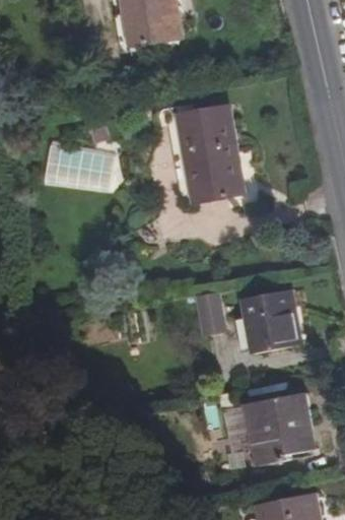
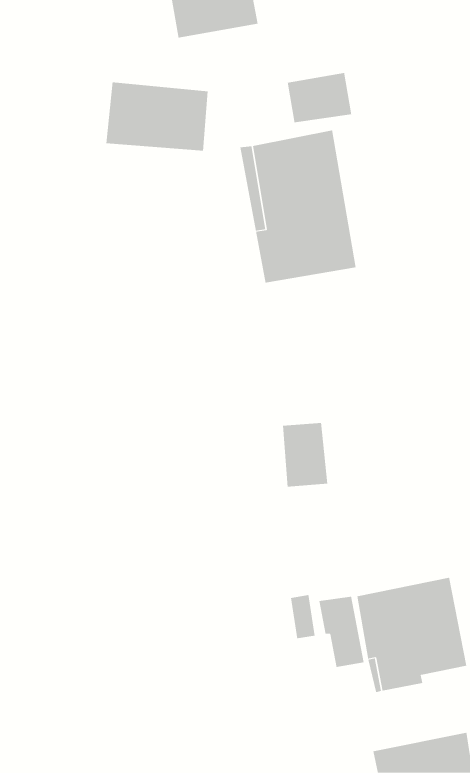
building: none -> [287,72,352,123]
building: [44,146,110,191] -> [106,82,209,151]
building: [244,289,298,353] -> none

